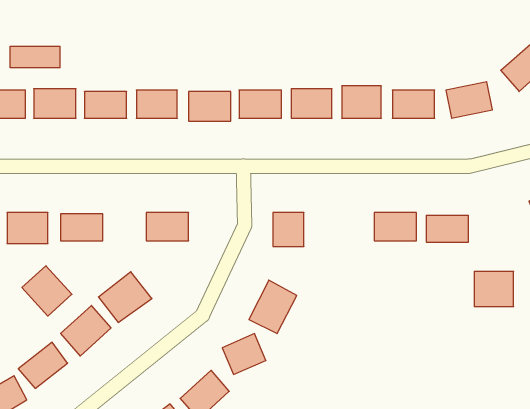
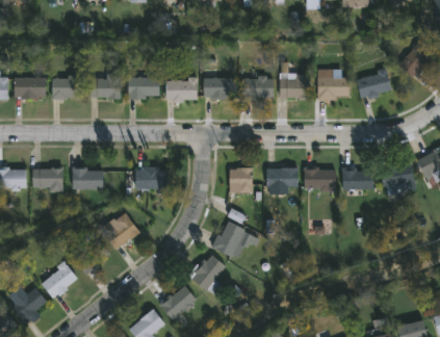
building: [10,46,60,68] -> none
building: none -> [266,168,297,187]
building: [22,266,72,316] -> none
building: [474,271,514,307] -> [384,165,413,191]

